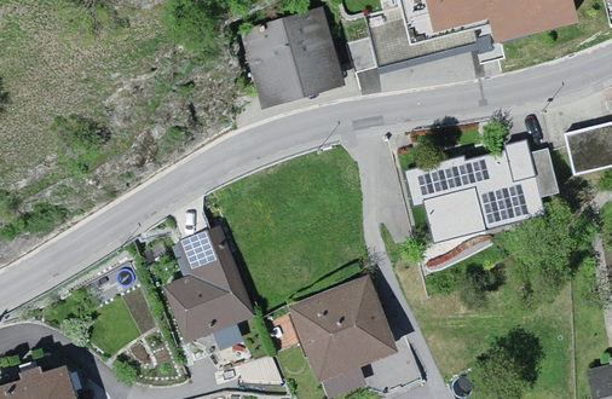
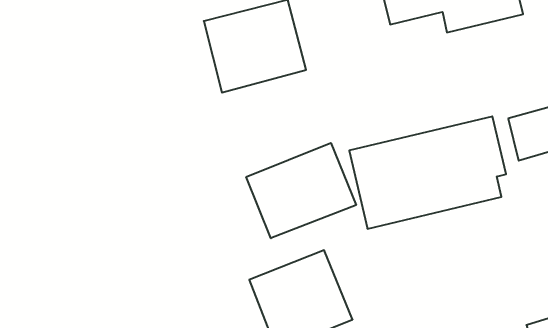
building: none -> [246,143,356,238]
building: [162,225,255,343] -> none

